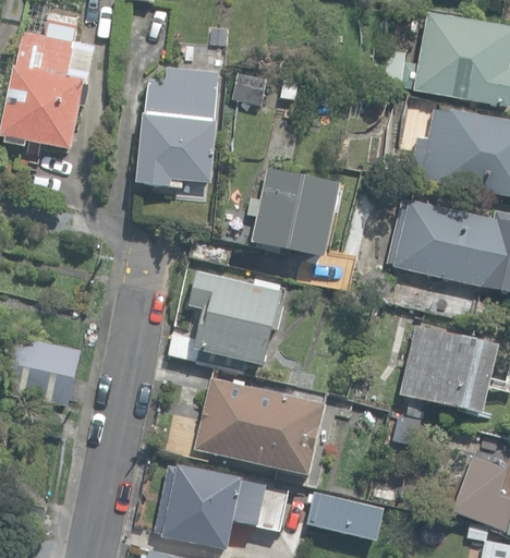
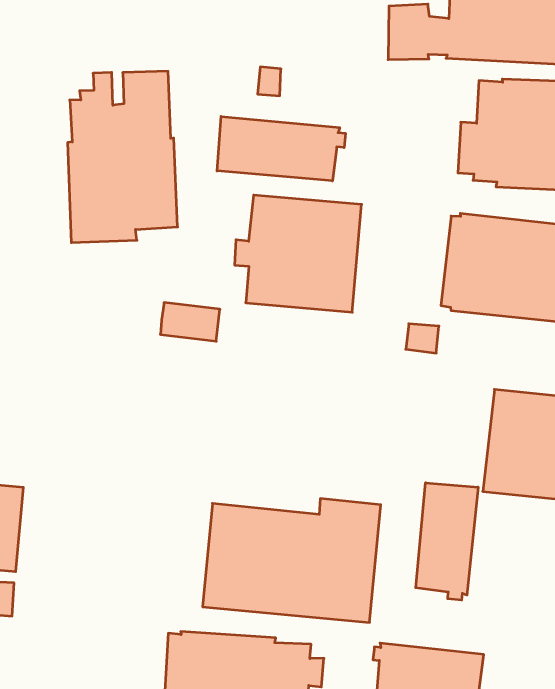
building: none -> [217,116,345,181]
building: [168,269,283,365] -> none
building: none -> [416,483,478,600]

